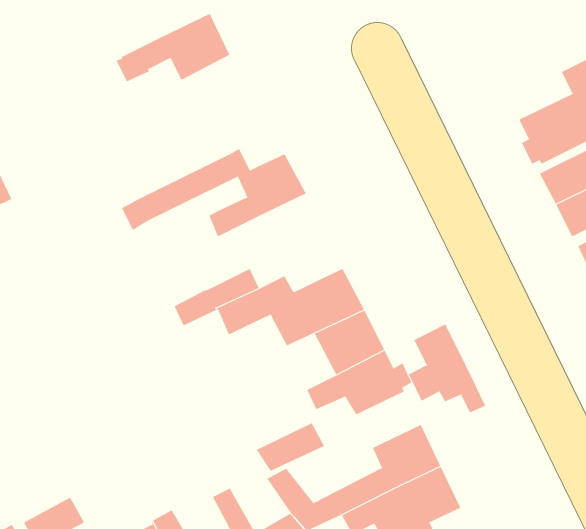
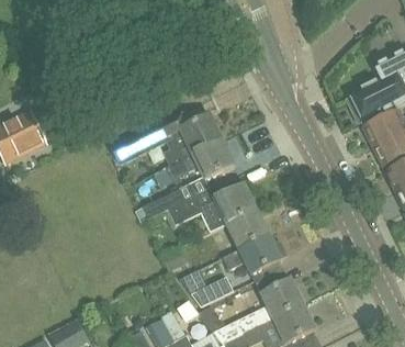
building: [116,13,230,82] -> [165,138,234,180]
building: [408,324,486,413] -> none

